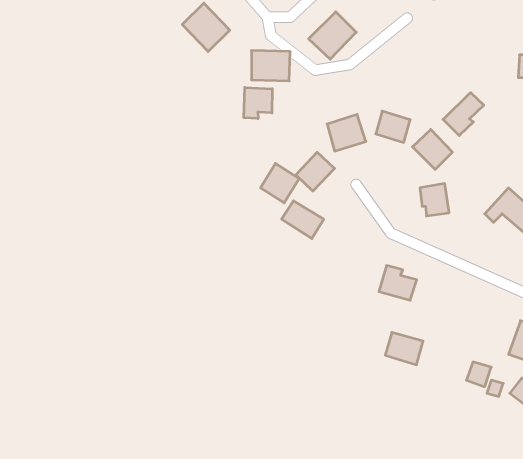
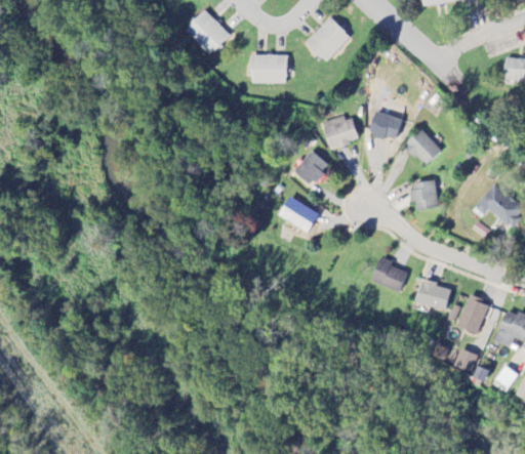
building: [244,87,272,119] -> none
building: [443,93,484,136] -> none
building: [261,163,299,203] -> none
building: none -> [458,296,487,334]
building: [385,332,423,365] -> [415,280,451,311]

